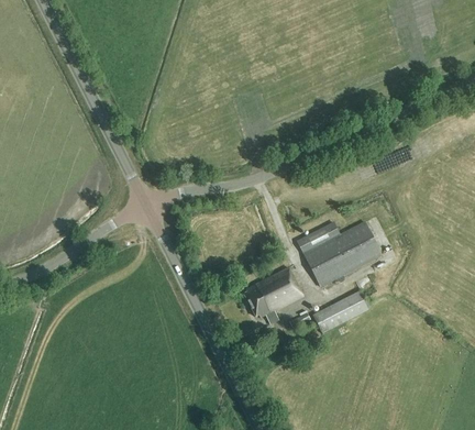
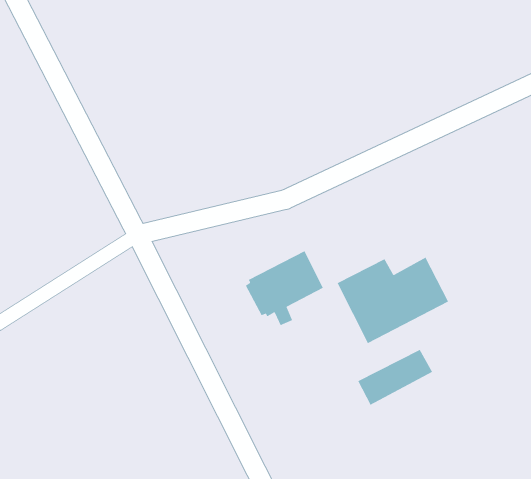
building: [243,267,302,324] -> [245,250,324,326]

